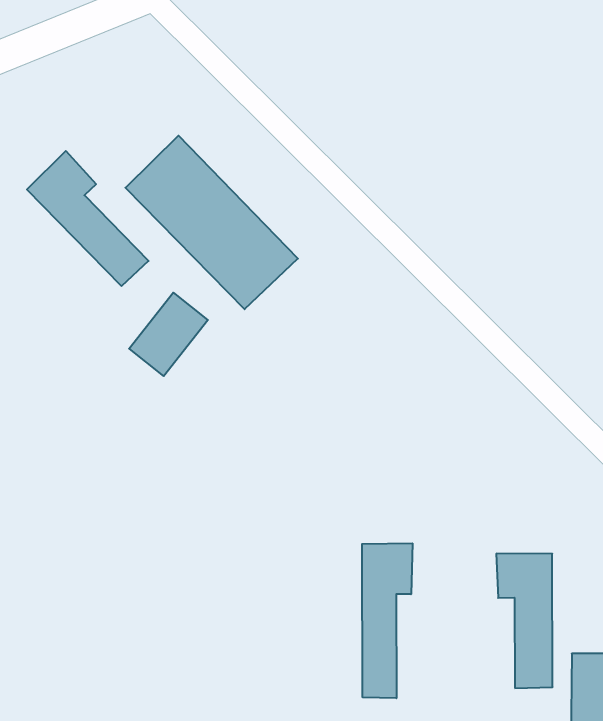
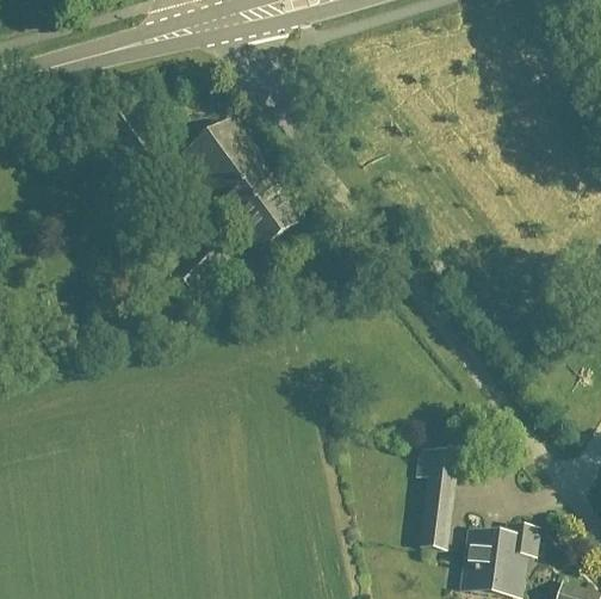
building: [27,151,149,286] -> none
building: [362,543,412,698] -> none

